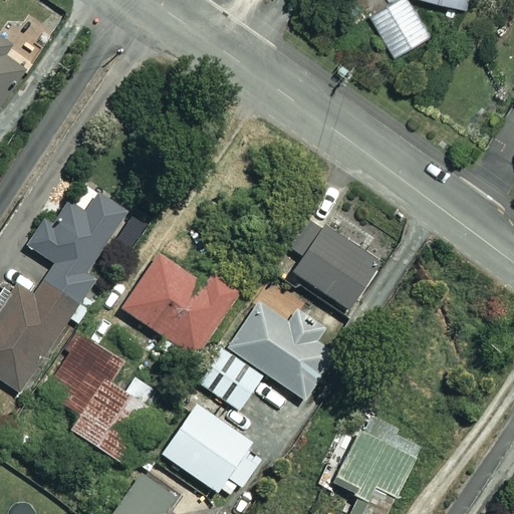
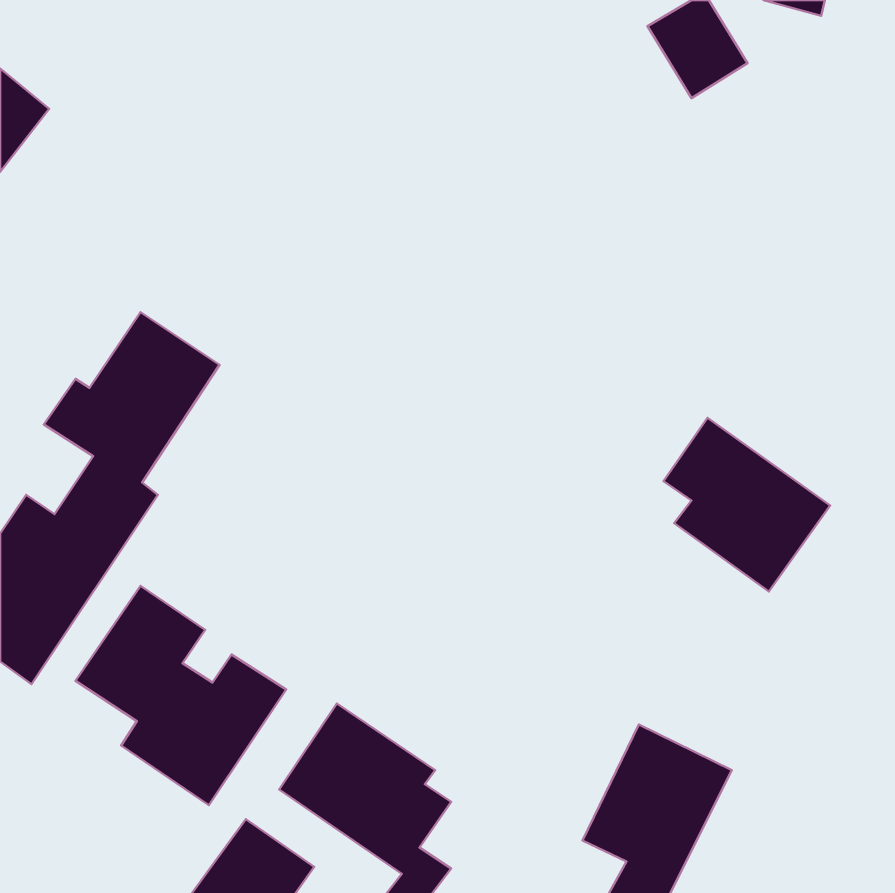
building: [287,211,382,310] -> [663,418,830,592]
building: [121,253,238,356] -> none
building: [198,301,339,411] -> none

